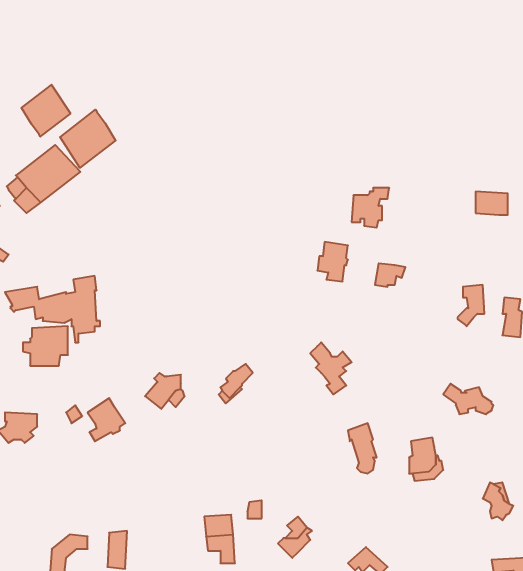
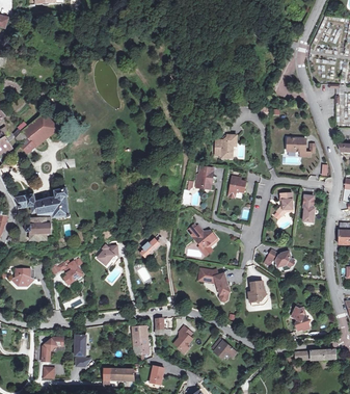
building: [21,85,70,137] -> none
building: [60,110,116,168] -> none

